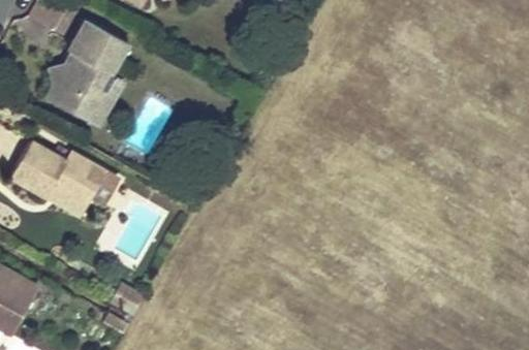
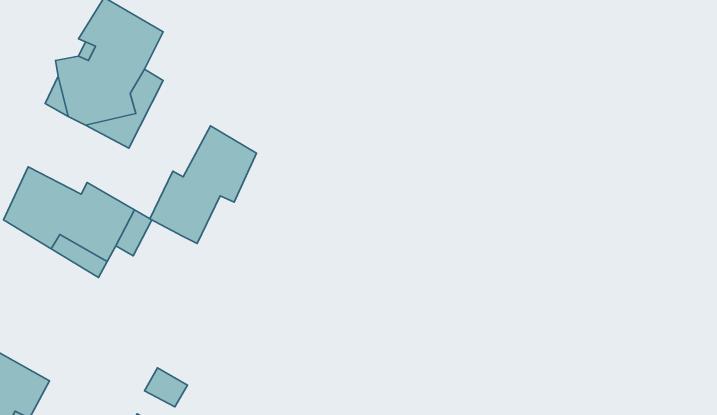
building: none -> [150,126,256,244]

